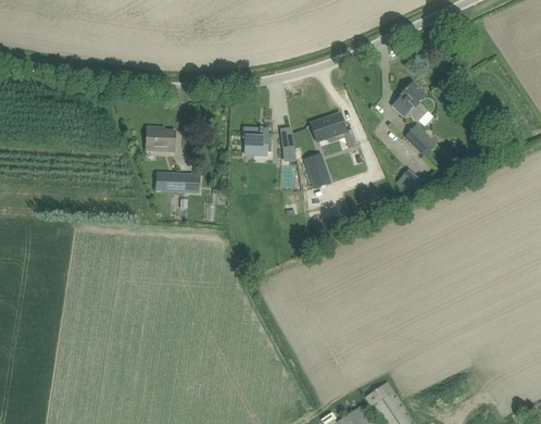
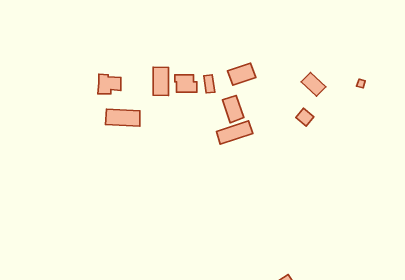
building: [391,82,427,121] -> none
building: none -> [153,67,168,95]
building: none -> [217,121,253,144]

